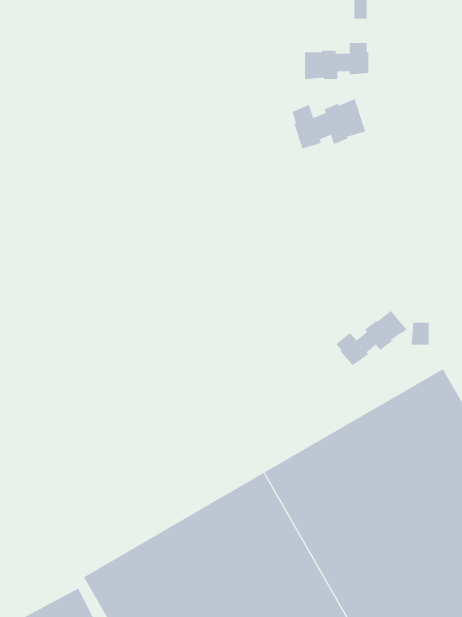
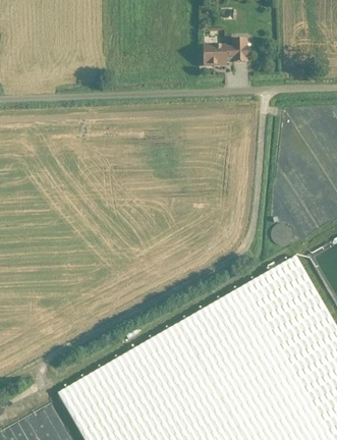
building: [292,96,366,149] -> none
building: [335,309,407,366] -> none

